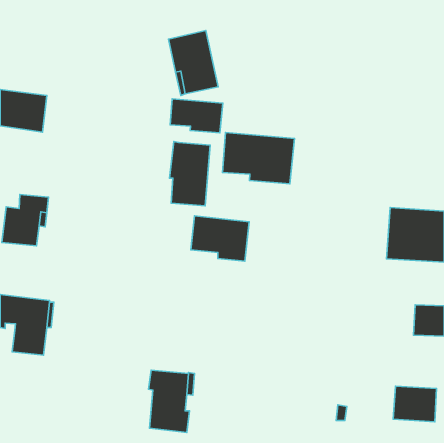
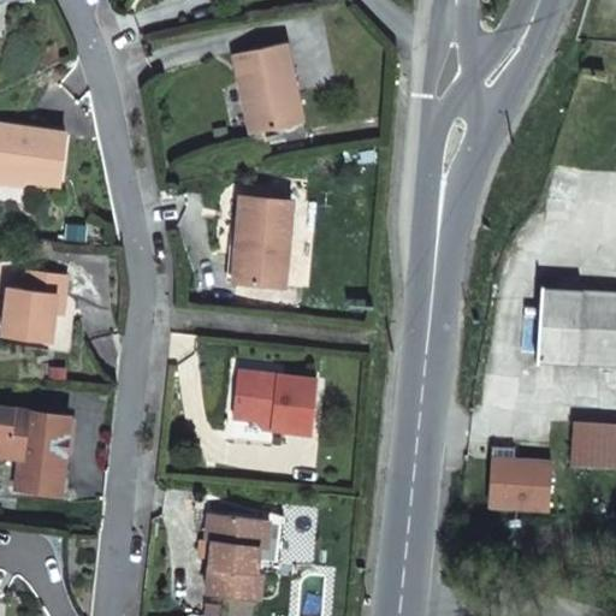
building: [170,99,223,133] -> none
building: [222,132,294,184] -> none
building: [191,216,249,261] -> [235,371,315,433]
building: [393,386,436,422] -> [491,460,551,509]

